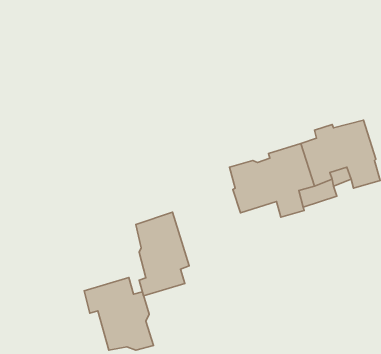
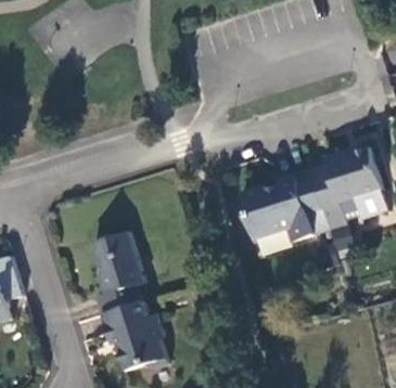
building: [136,212,189,296] -> [93,232,145,313]

